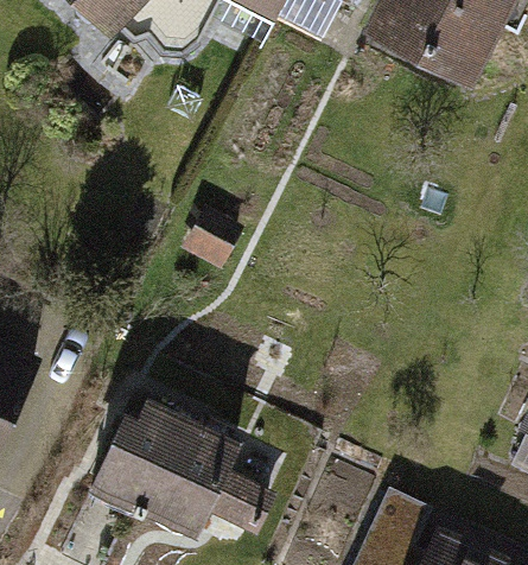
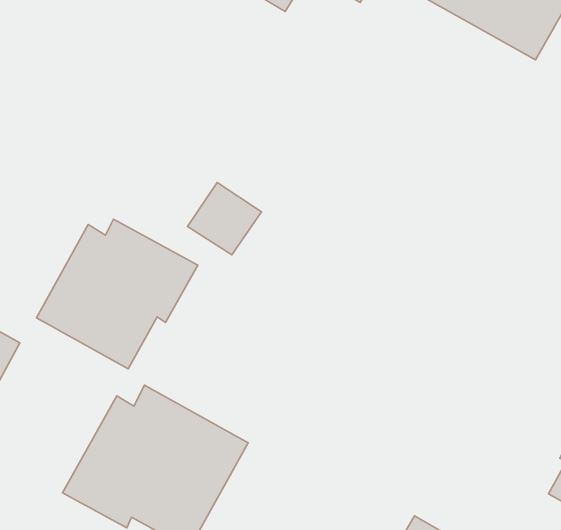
building: none -> [36,219,198,369]

